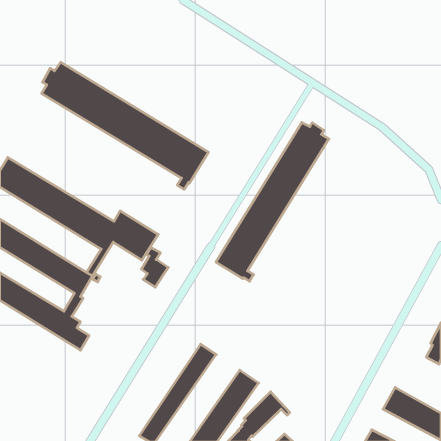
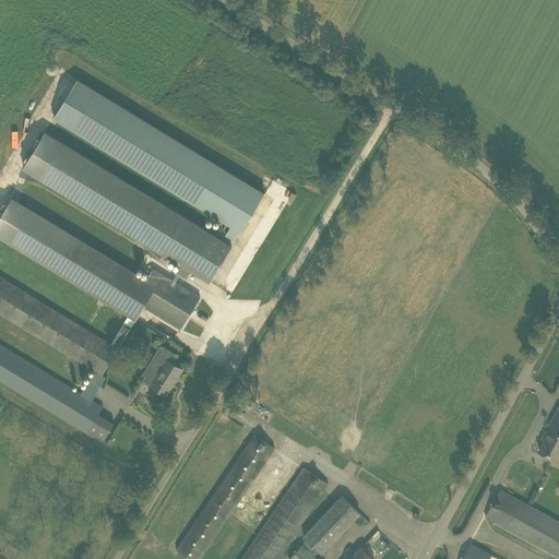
building: none -> [22,133,230,283]
building: [216,122,329,281] -> none
building: [141,247,168,287] -> [147,345,181,395]

